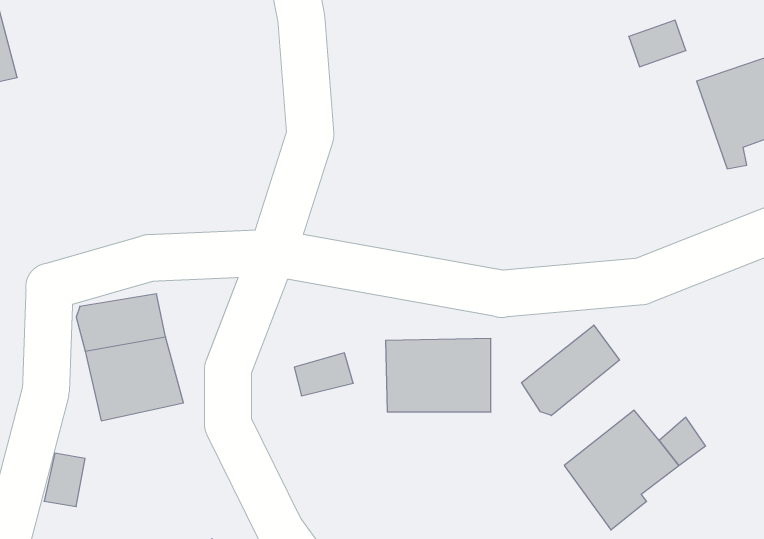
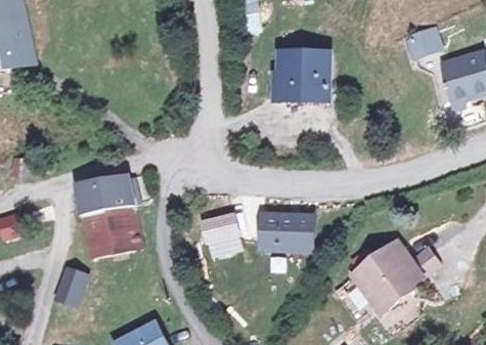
building: none -> [258,45,323,101]
building: [522,325,620,416] -> none

